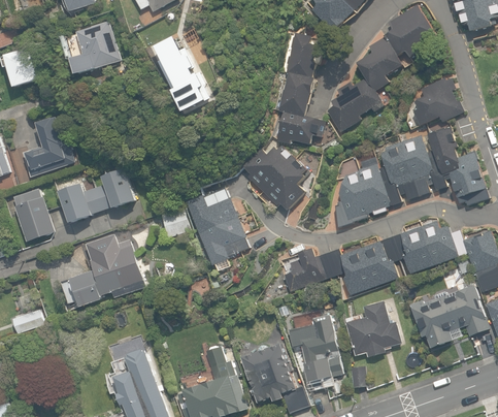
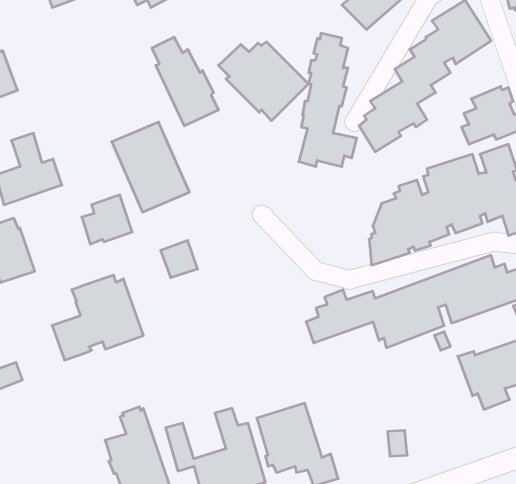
building: [71,21,121,75] -> none
building: [240,146,316,212] -> [218,42,309,121]
building: [59,183,101,222] -> none
building: [185,188,250,263] -> [112,122,189,212]
building: [344,300,401,356] -> none
building: [288,314,341,387] -> none

